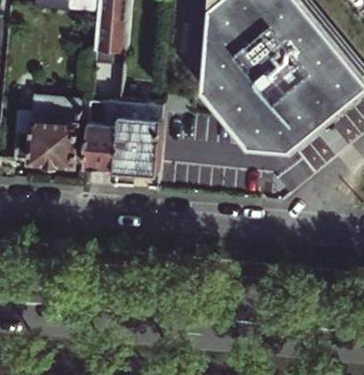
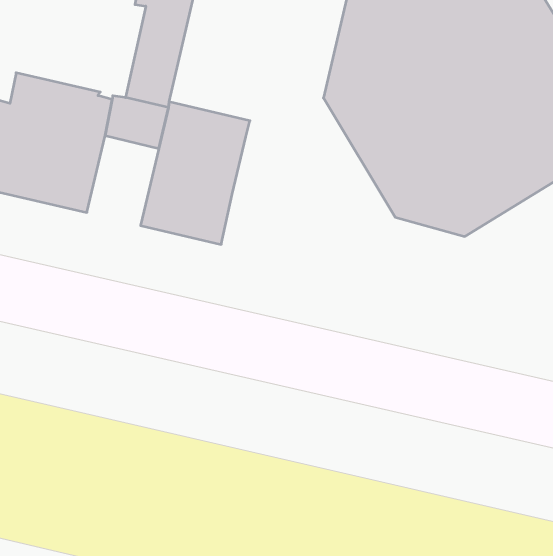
building: [82,124,116,170] -> none

